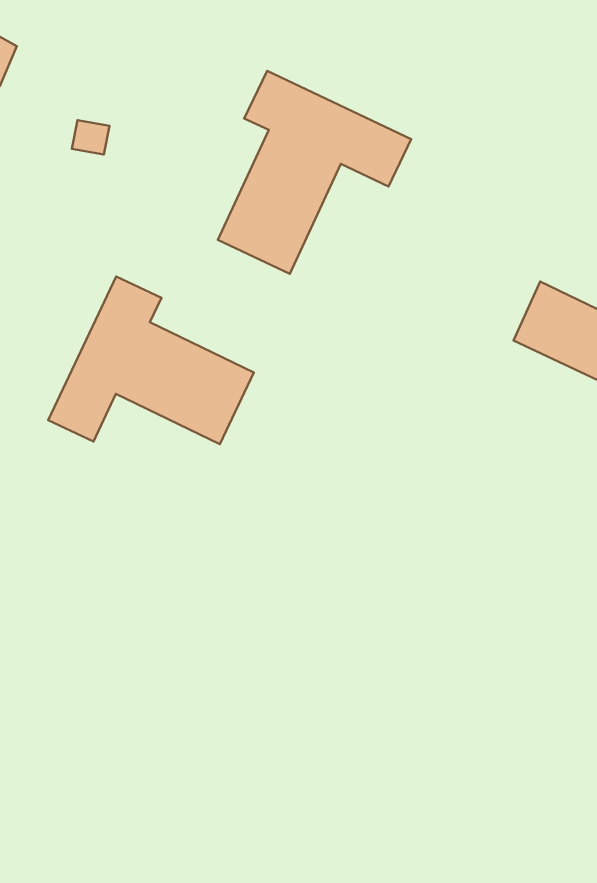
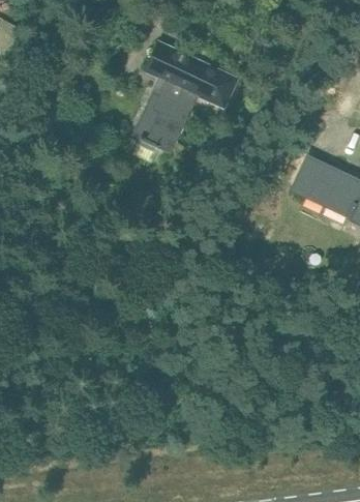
building: [48,276,254,444] -> none

